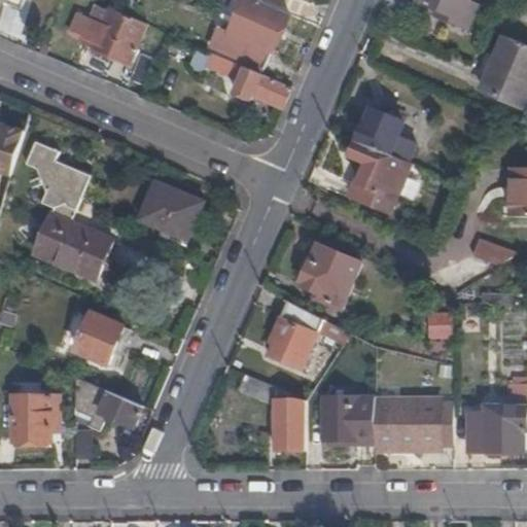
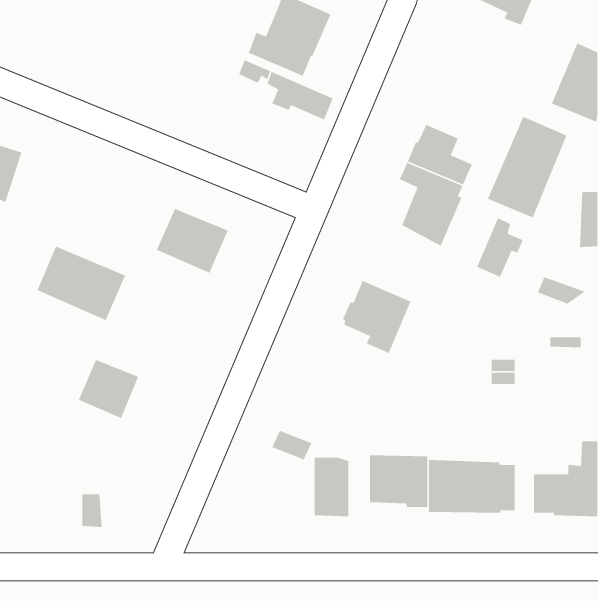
building: [85,8,149,64] -> none
building: none -> [487,116,568,219]
building: [24,142,90,211] -> none
building: none -> [476,217,524,278]
building: [268,302,350,372] -> none
building: [71,377,140,432] -> none
building: [9,396,57,443] -> none

